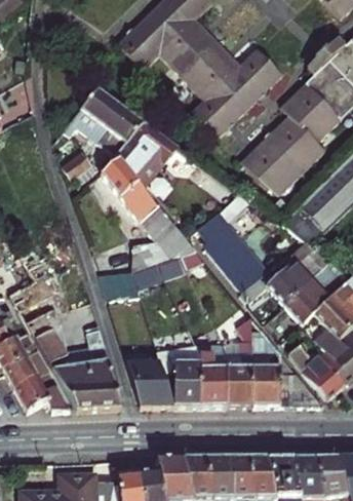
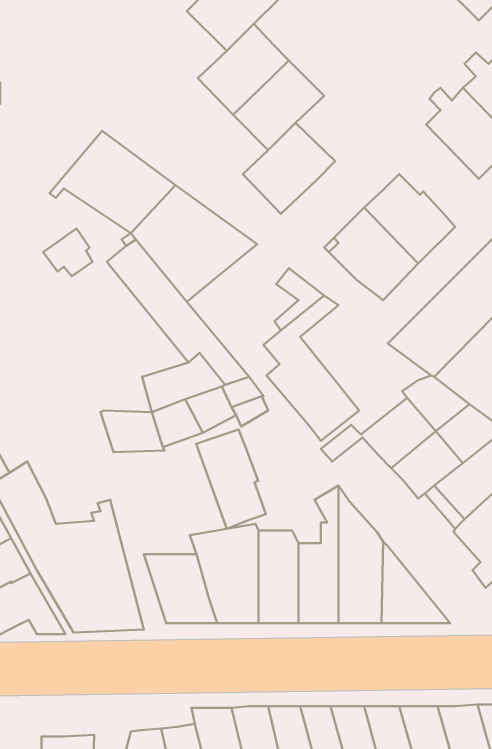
building: [117,10,177,70] -> none
building: [221,47,280,107] -> none
building: [283,83,339,141] -> none
building: none -> [196,430,266,529]
building: [285,342,343,397] -> none

